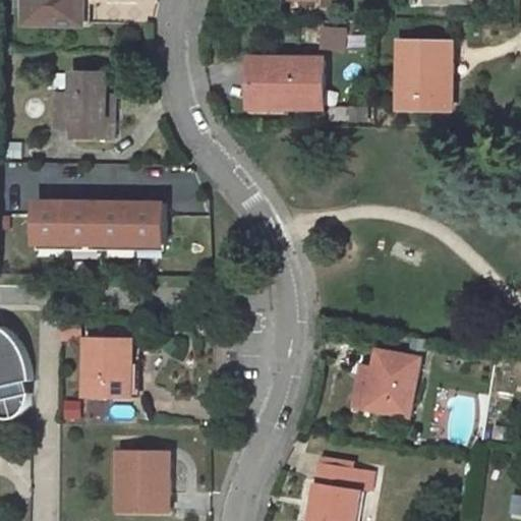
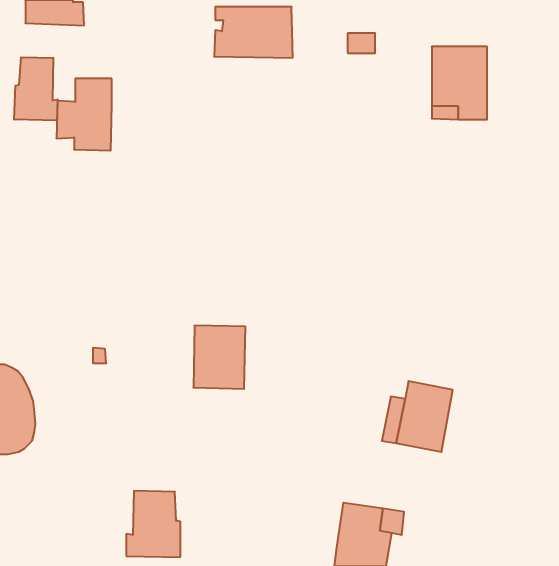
building: none -> [14,57,58,121]
building: [249,60,322,107] -> [214,7,293,58]
building: [34,201,163,243] -> none
building: [82,339,130,397] -> [193,326,245,389]

